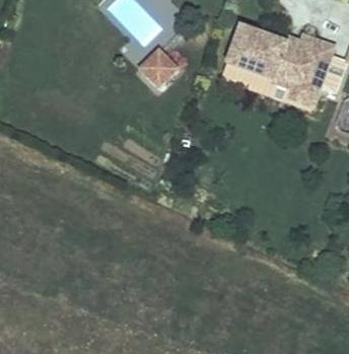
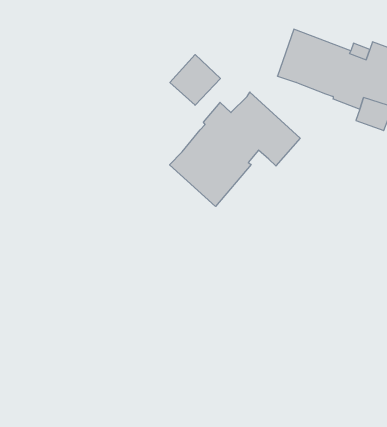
building: none -> [170,92,300,206]

